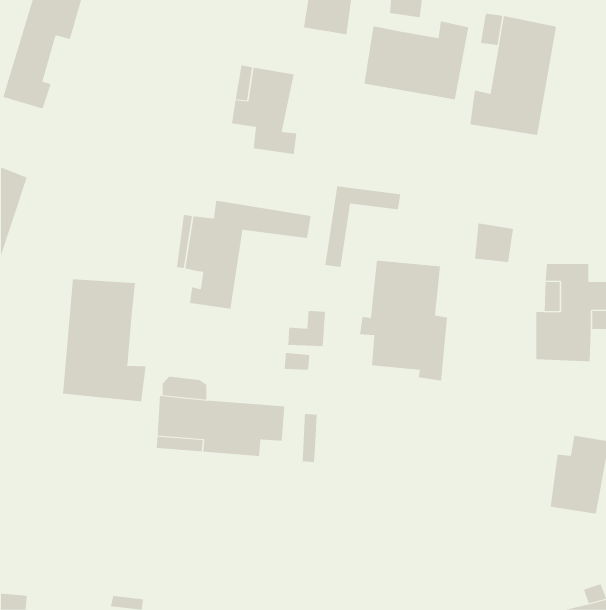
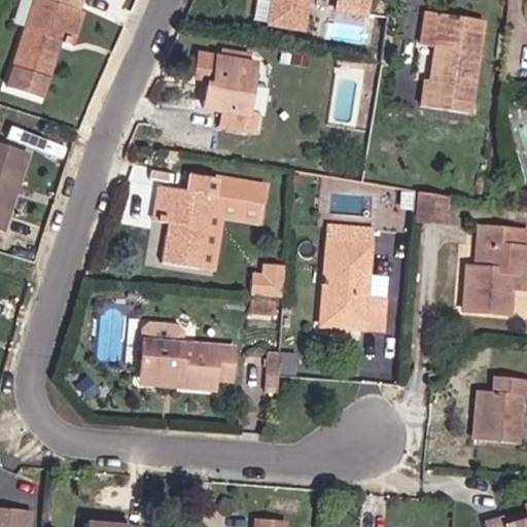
building: [364,20,469,100] -> none
building: [324,186,401,267] -> [204,198,270,268]
building: [63,279,146,402] -> none

